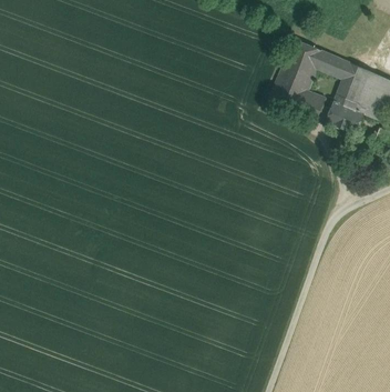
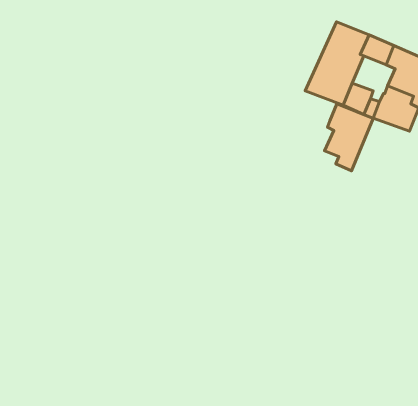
building: none -> [324,104,373,171]

